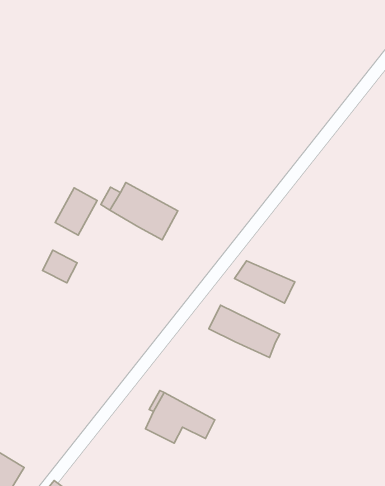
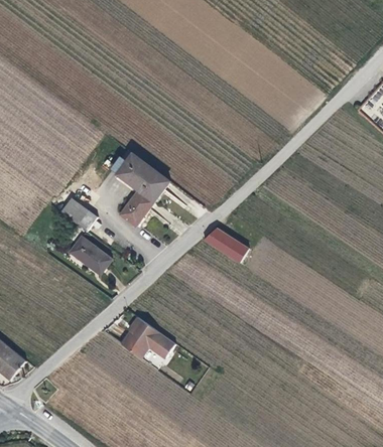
building: [55,188,97,235] -> [120,190,154,227]
building: none -> [71,239,111,274]
building: [209,305,280,358] -> none

